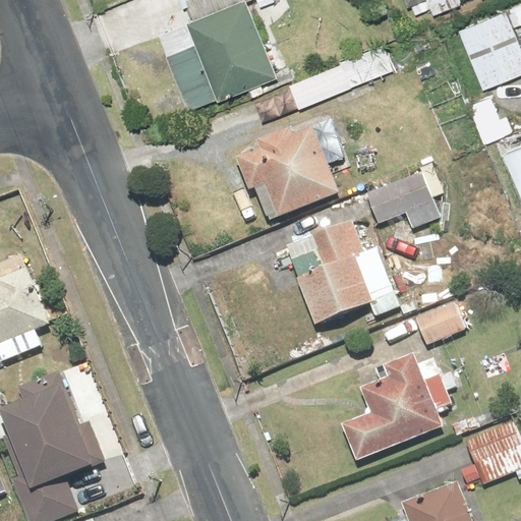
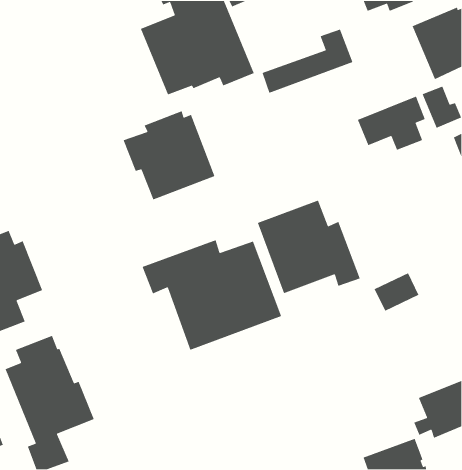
building: [233,122,336,222] -> [122,110,215,200]
building: [364,168,441,229] -> [357,96,426,151]
building: none -> [142,239,282,351]
building: [343,350,451,459] -> none

